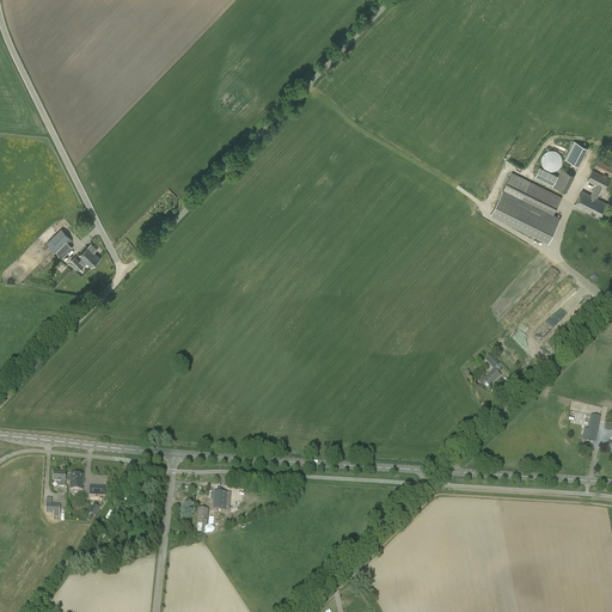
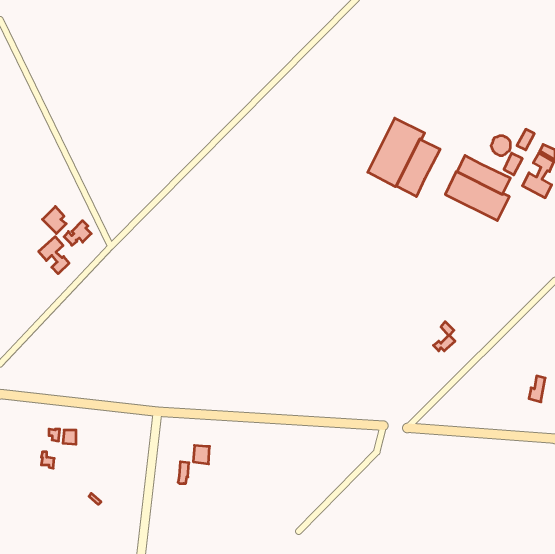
building: none -> [368,118,440,197]
building: none -> [39,237,69,274]

